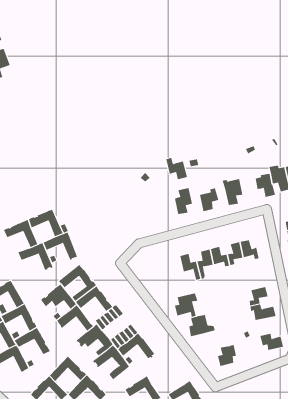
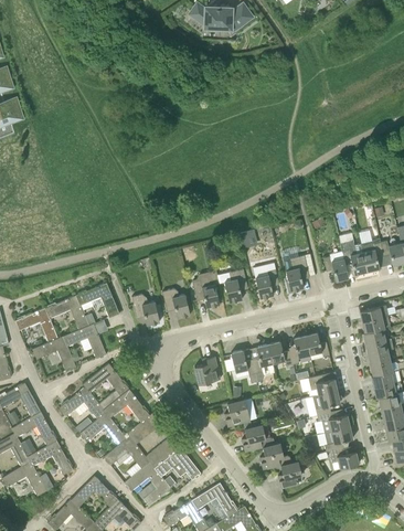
building: [165,157,188,180] -> [192,280,220,308]
building: none -> [75,283,119,318]
building: none -> [162,289,190,319]
building: none -> [131,295,159,326]
building: none -> [194,357,220,385]
building: none -> [308,375,337,396]
building: none -> [323,427,352,453]
building: none -> [259,444,291,470]
building: none -> [191,482,236,517]

